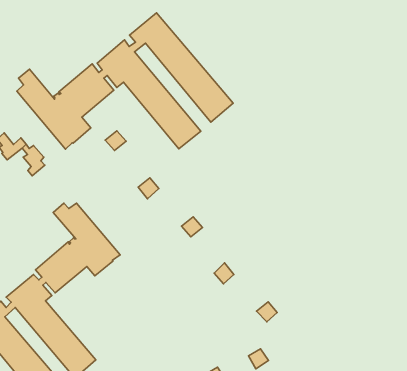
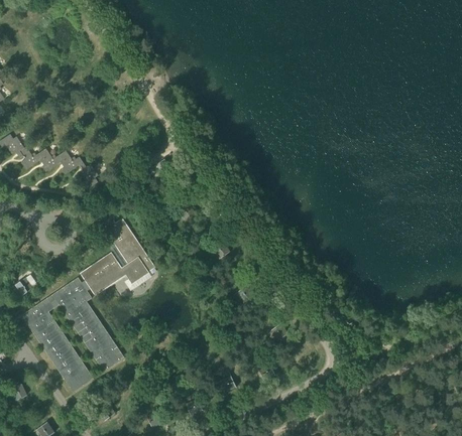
building: [17,13,233,149] -> none

